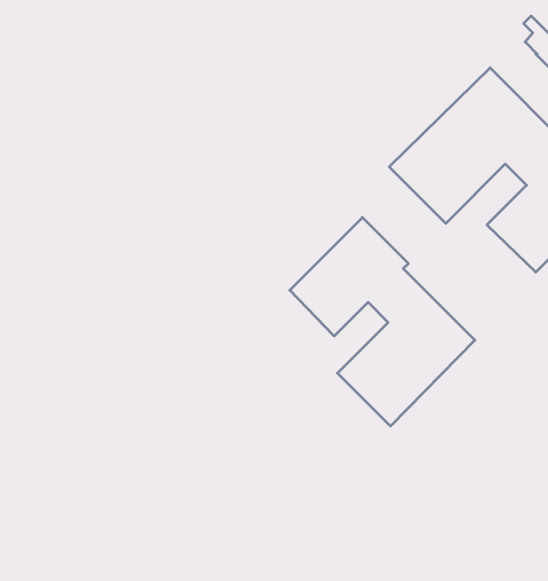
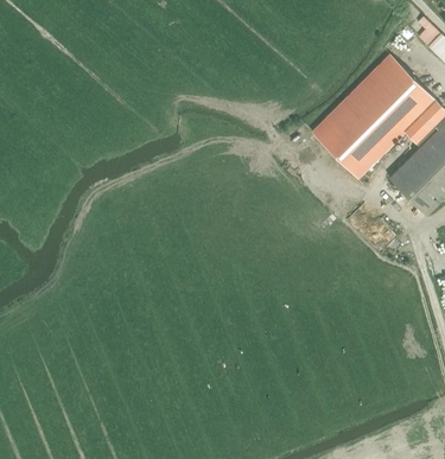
building: [290,217,475,426] -> none

